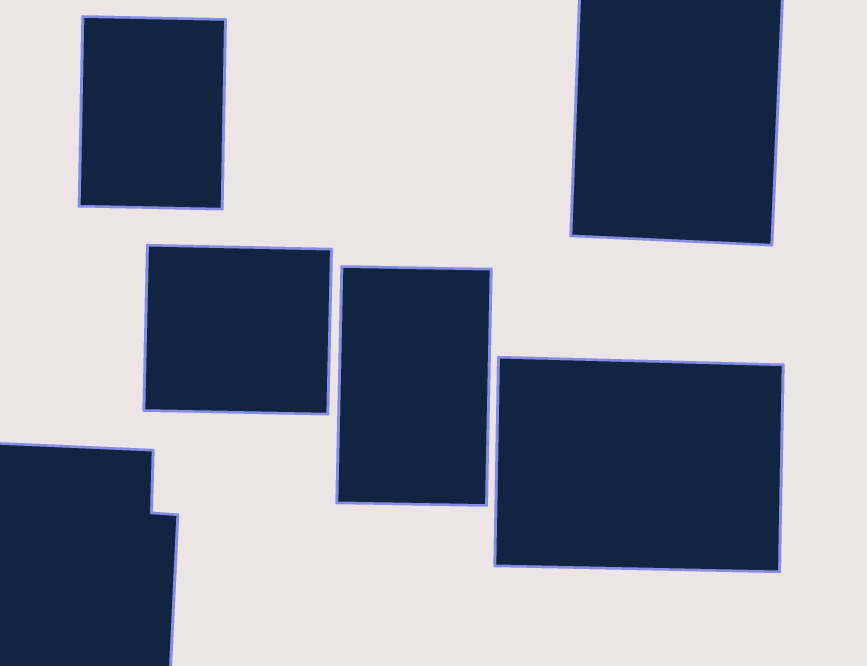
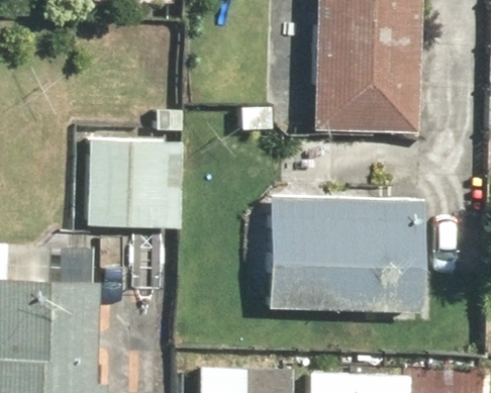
building: [79,17,226,209] -> none
building: [337,267,491,506] -> none

